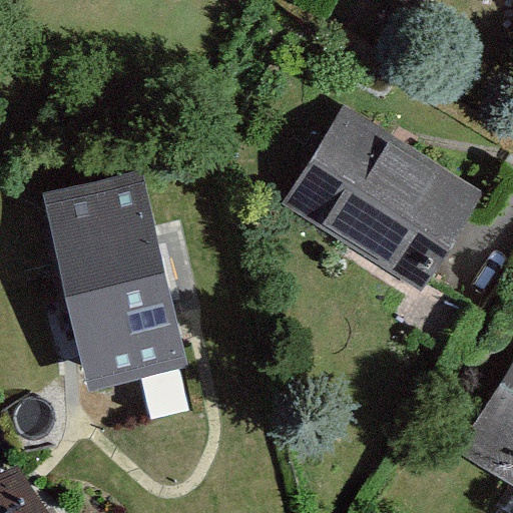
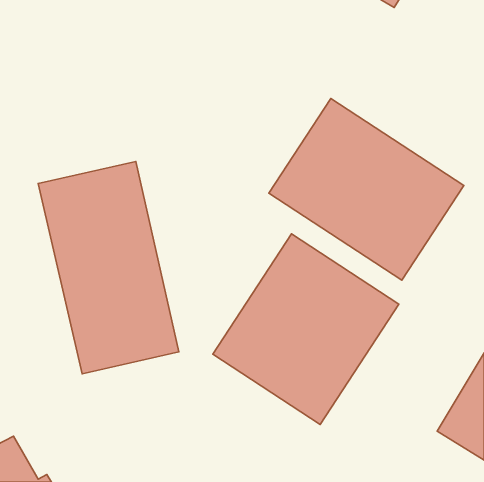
building: none -> [213,234,399,425]

